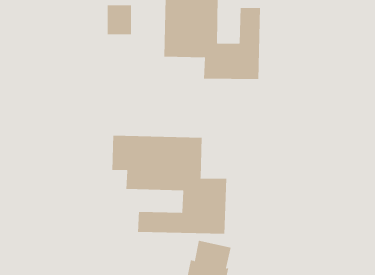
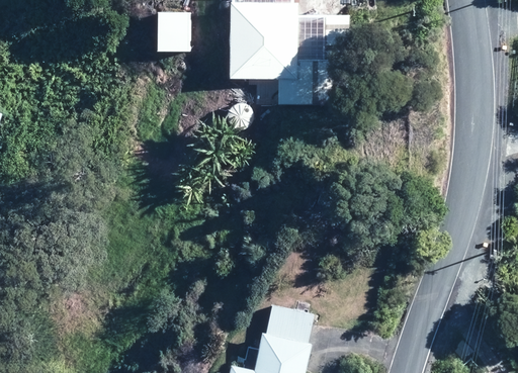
building: [112,135,227,234] -> none

